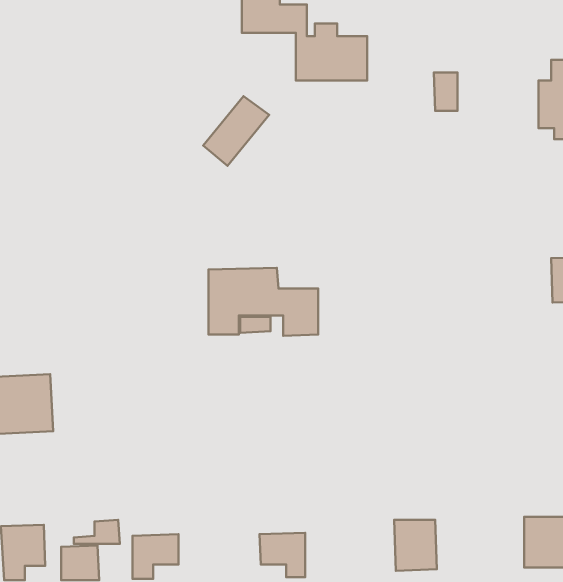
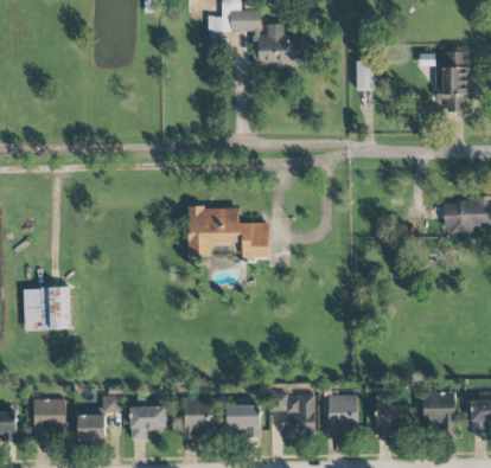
building: [203,96,269,166] -> none
building: none -> [269,392,315,432]
building: none -> [181,397,213,436]
building: none -> [376,404,406,435]

